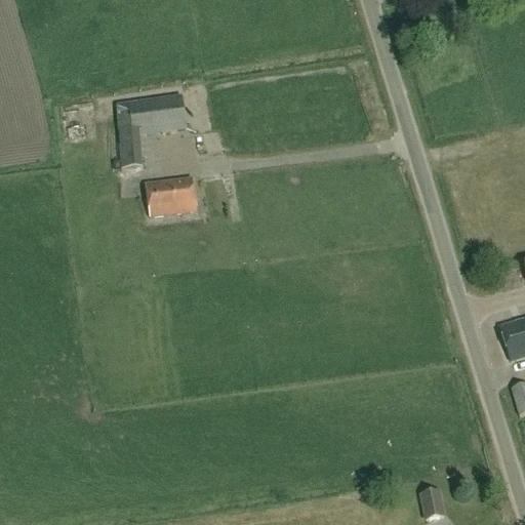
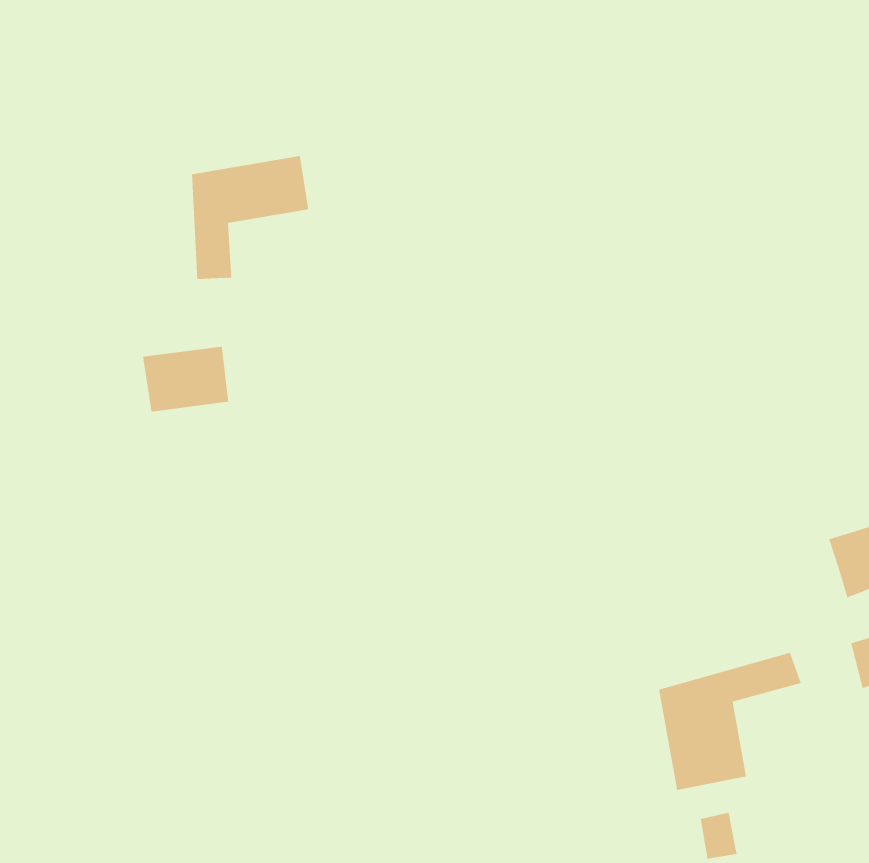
building: [146,174,198,214] -> [142,346,229,412]
building: none -> [658,652,802,791]

